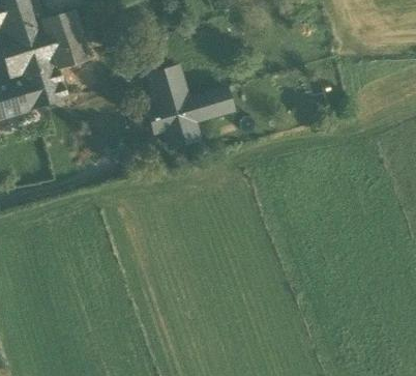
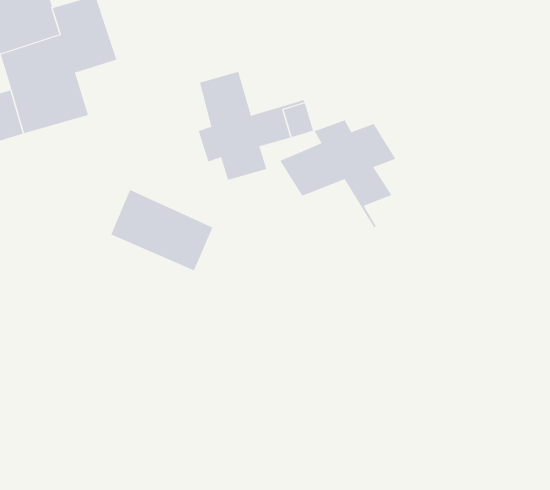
building: none -> [280,120,396,228]
building: none -> [110,189,213,271]

